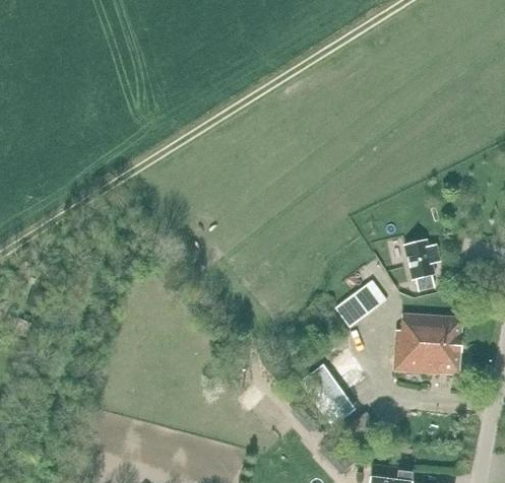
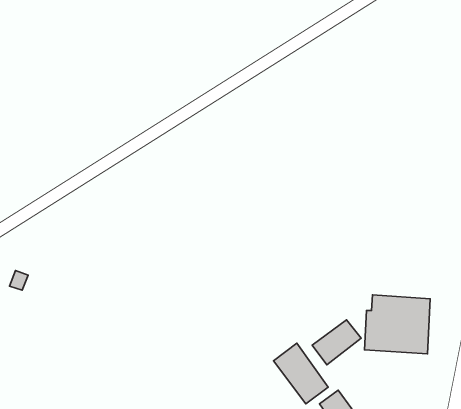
building: [403,239,440,291] -> none
building: [335,280,386,327] -> [312,320,361,365]

